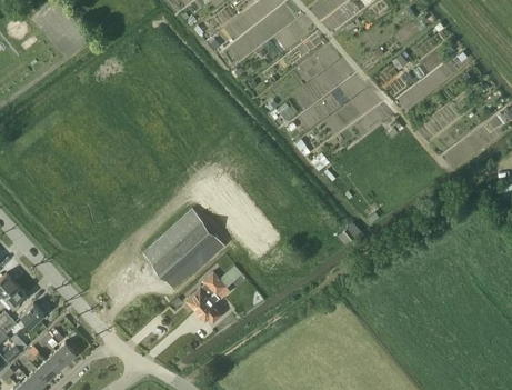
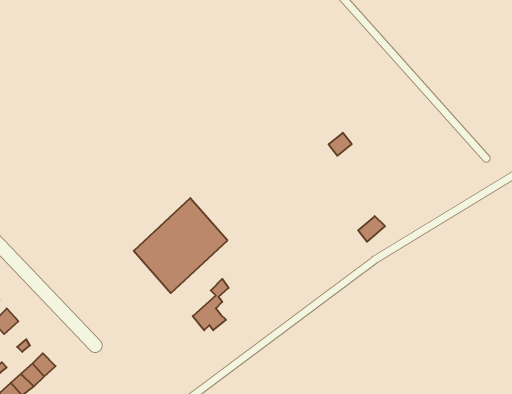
building: [187,272,220,311] -> none

